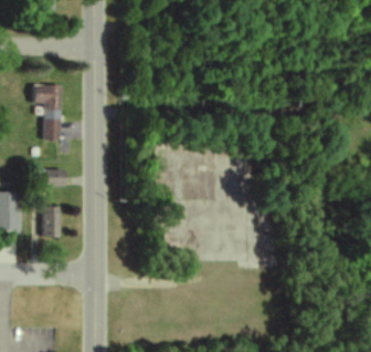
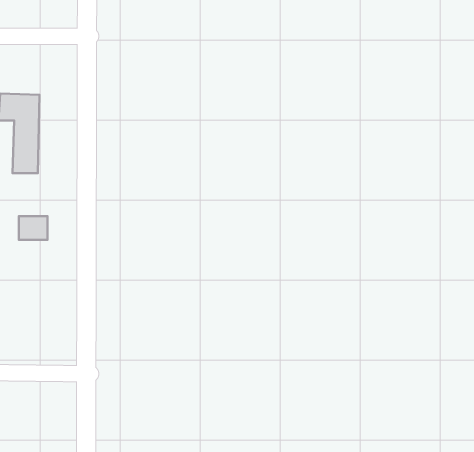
building: [41,206,61,237] -> none

